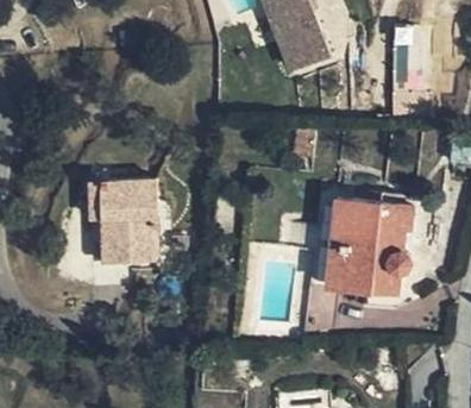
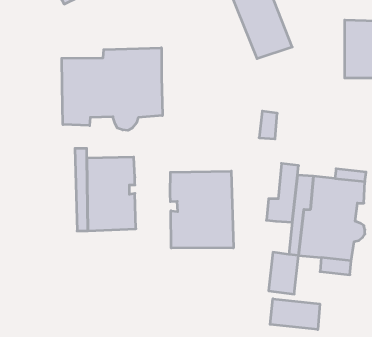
building: none -> [62,48,162,130]
building: none -> [170,171,233,248]
building: none -> [270,299,320,330]

